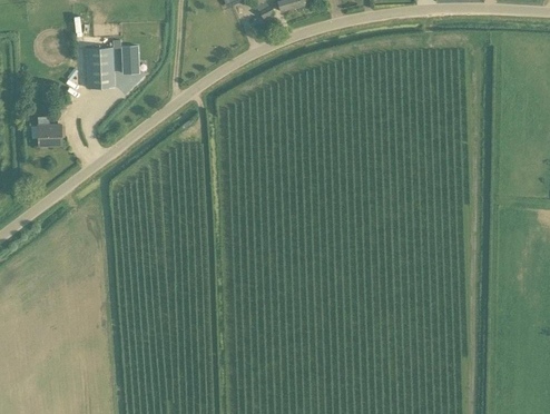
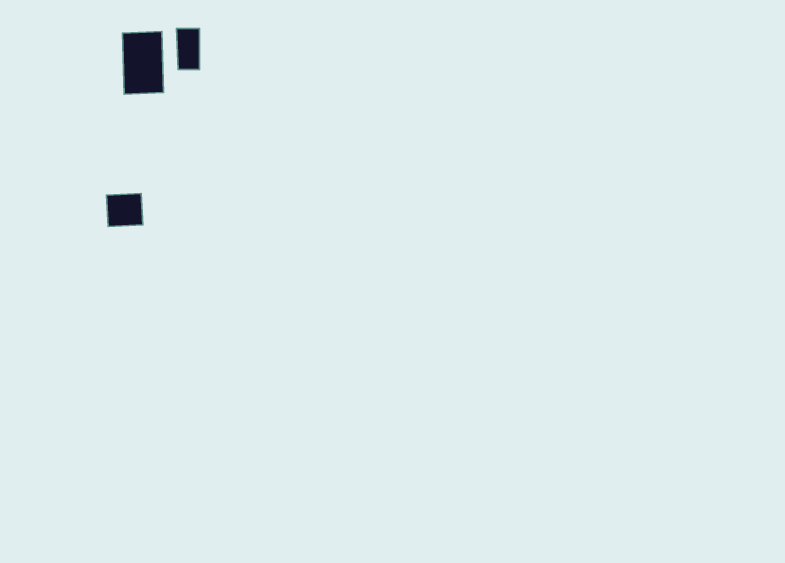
building: [37,122,61,145] -> [107,194,143,226]

